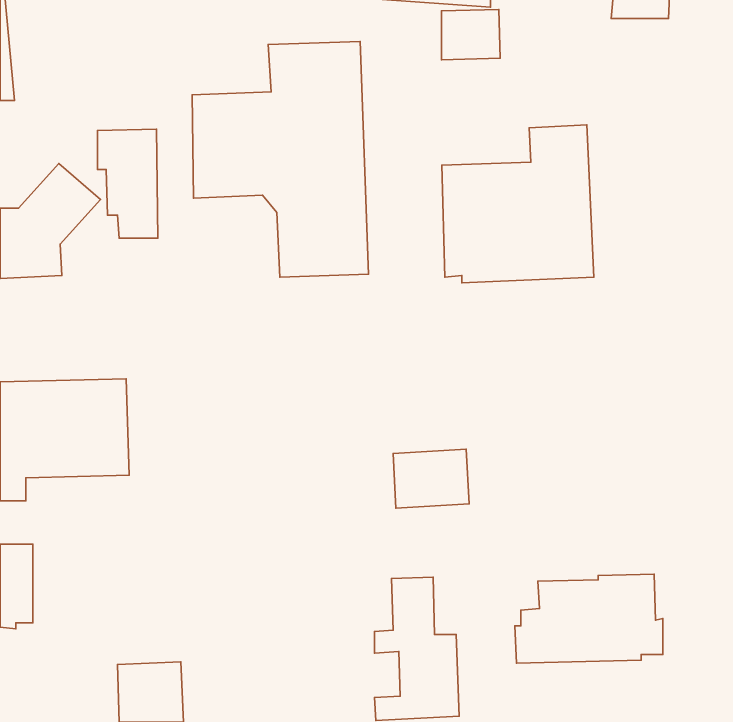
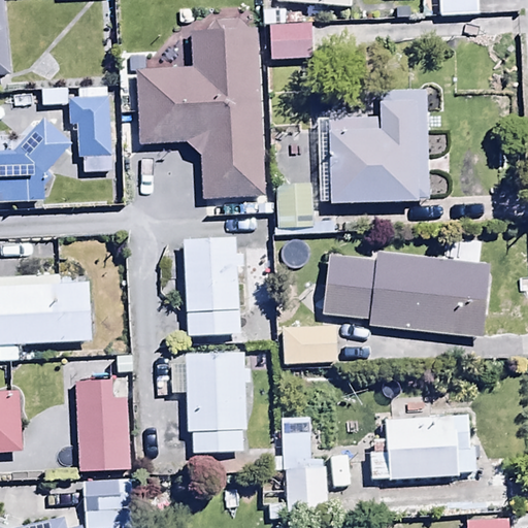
building: [441,9,500,60] -> [269,22,311,58]
building: none -> [185,237,240,334]
building: none -> [324,252,489,338]
building: none -> [172,350,252,452]
building: none -> [76,374,130,469]

